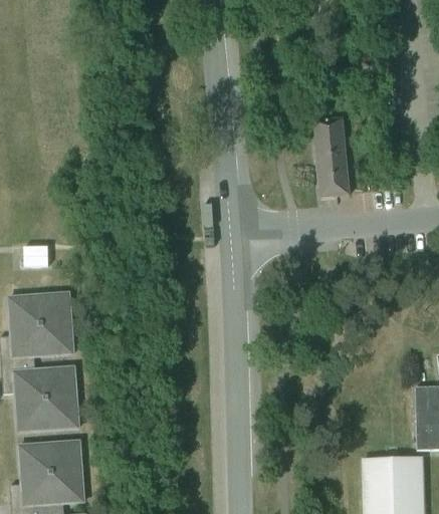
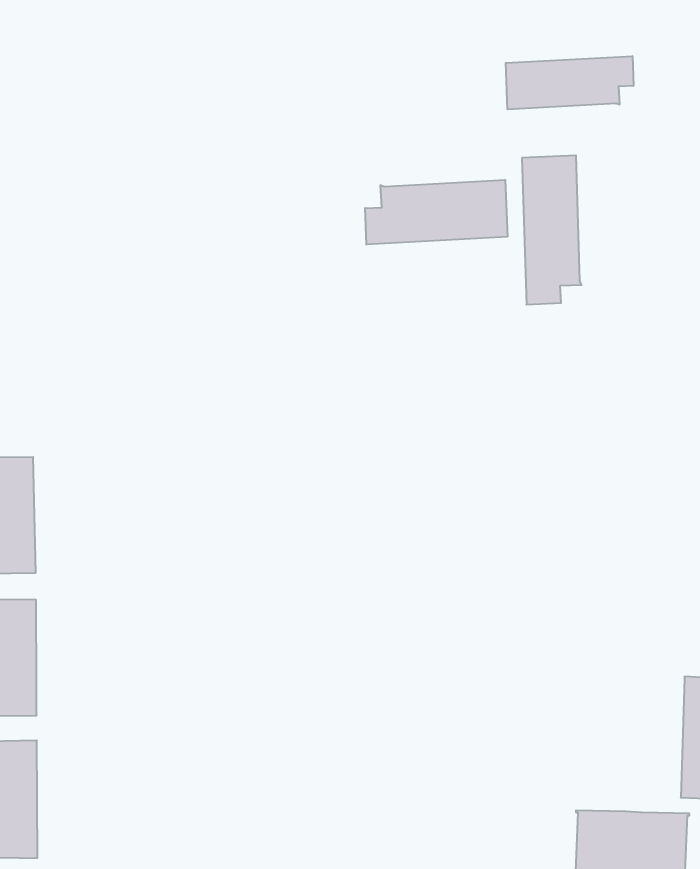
building: none -> [506,56,633,109]
building: none -> [365,180,507,245]

